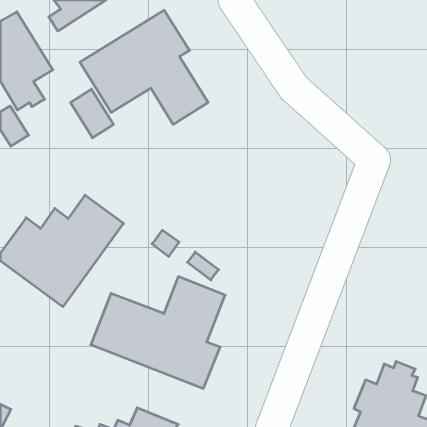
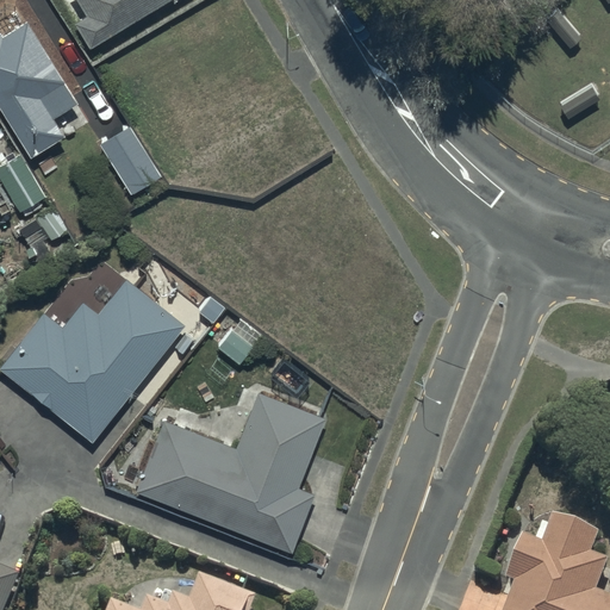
building: [80,10,208,124] -> none

